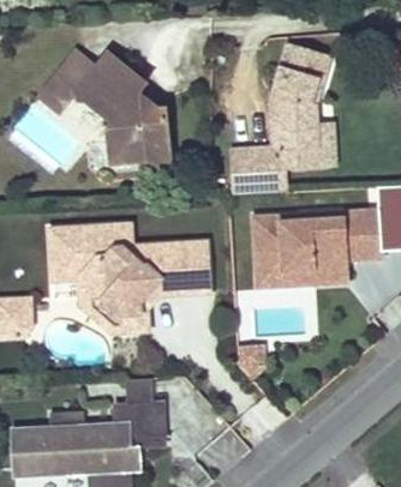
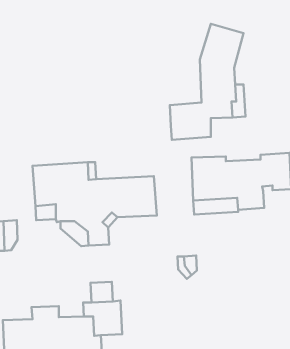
building: [22,50,161,164] -> none

